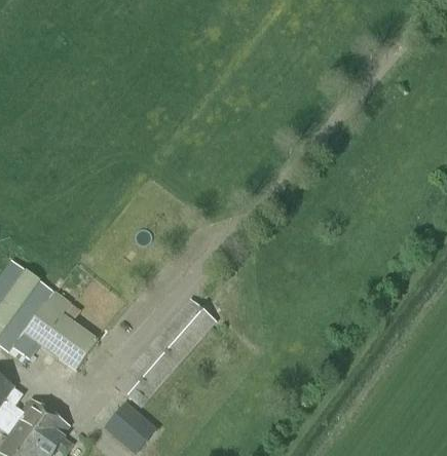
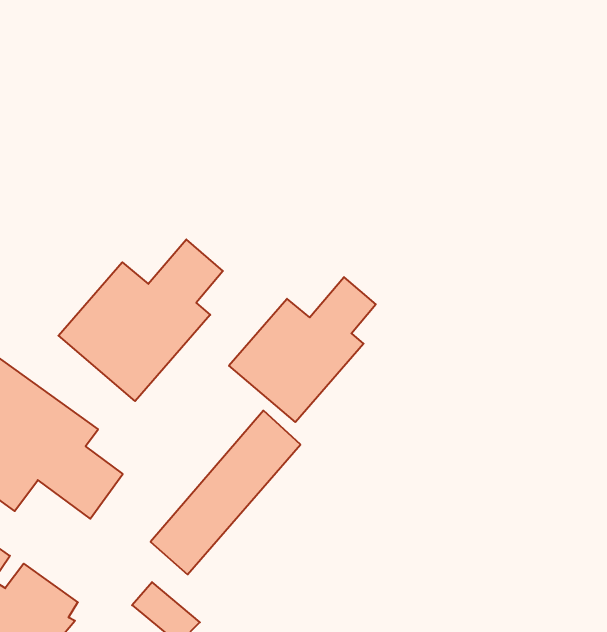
building: none -> [58,239,223,401]
building: none -> [229,277,376,422]

